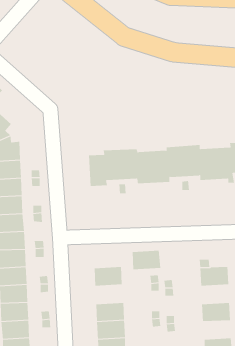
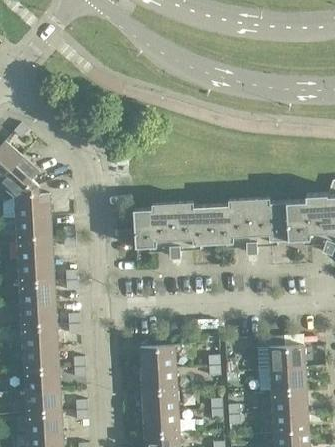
building: [132,250,161,270] -> [140,368,176,392]
building: none -> [269,368,305,392]
building: none -> [271,412,307,435]

